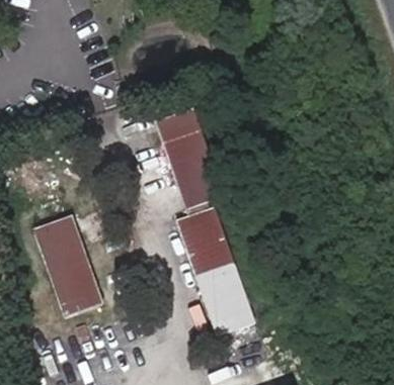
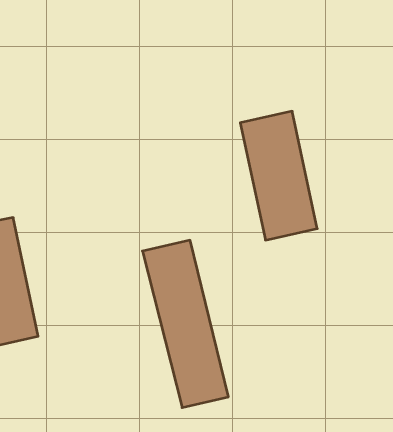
building: [152,109,222,210] -> [240,111,317,240]

